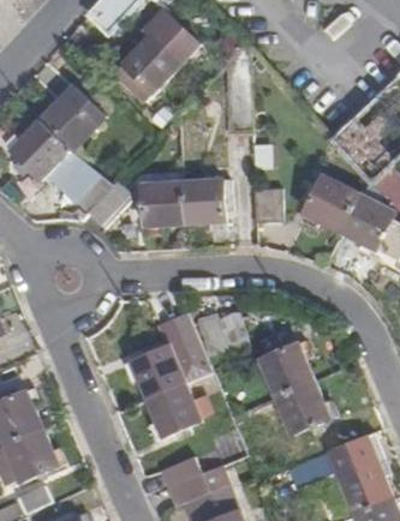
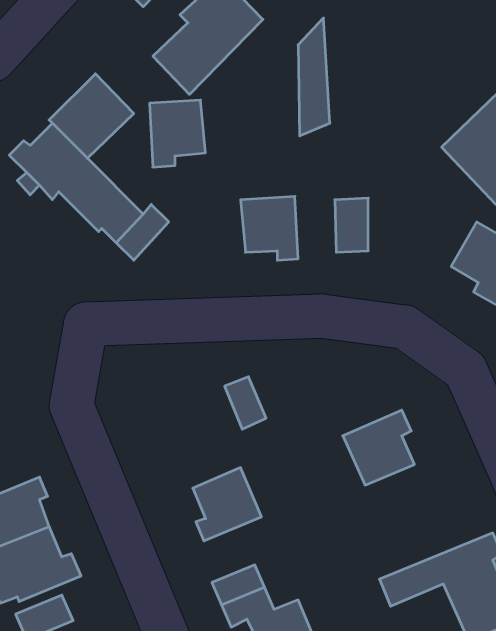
building: [302,179,359,232] -> none
building: [143,181,185,232] -> [150,100,205,167]
building: [196,312,245,347] -> none
building: [123,346,181,399] -> none
building: [275,381,334,432] -> none

